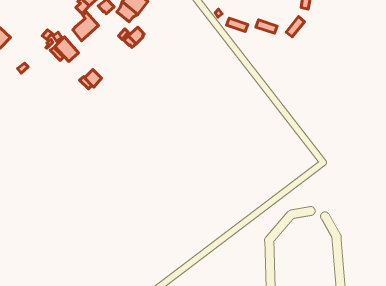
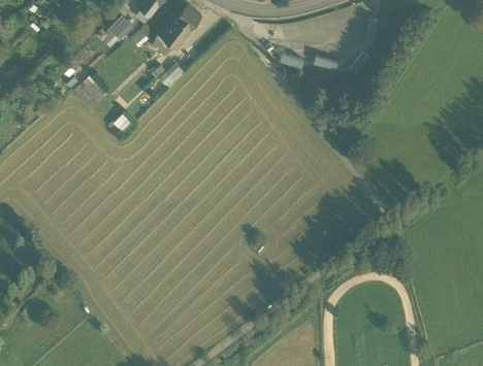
building: [73,12,99,41] -> none

